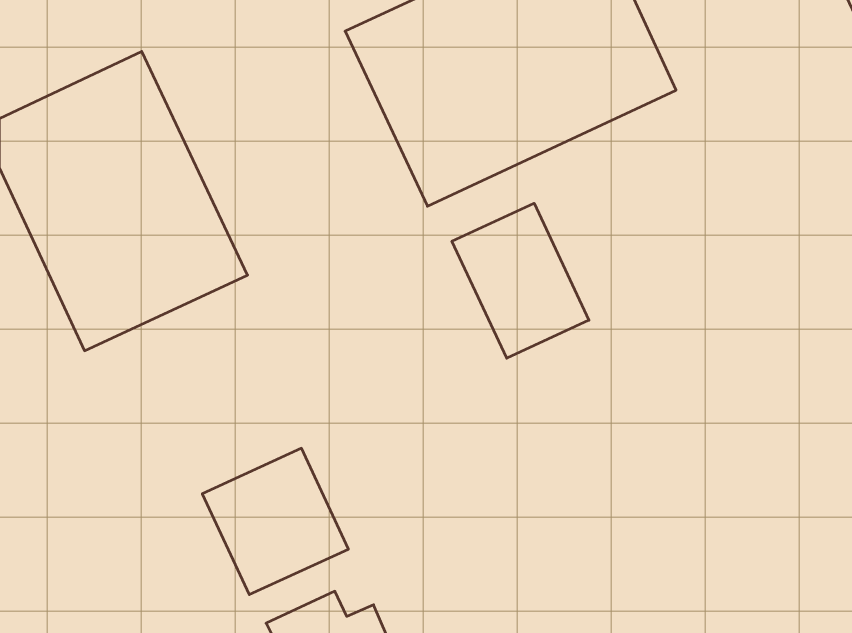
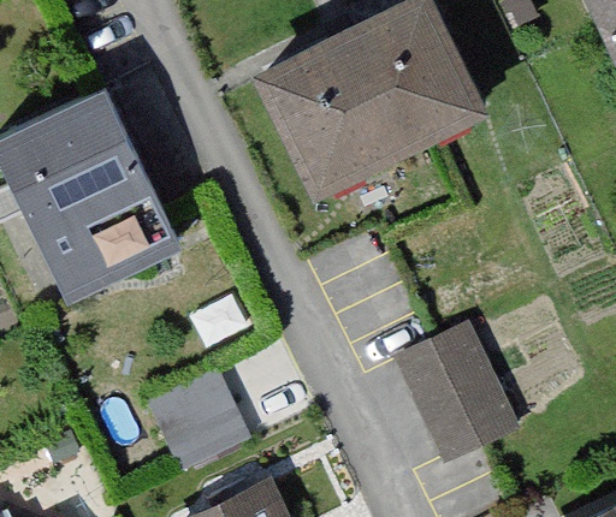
building: [452,203,589,358] -> none
building: none -> [391,320,522,465]

